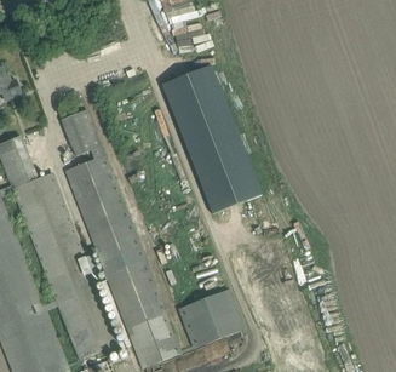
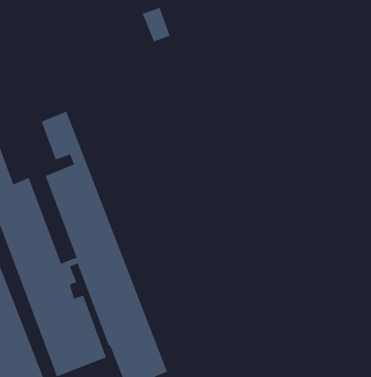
building: [155,63,254,212] -> none
building: [178,287,245,348] -> none

